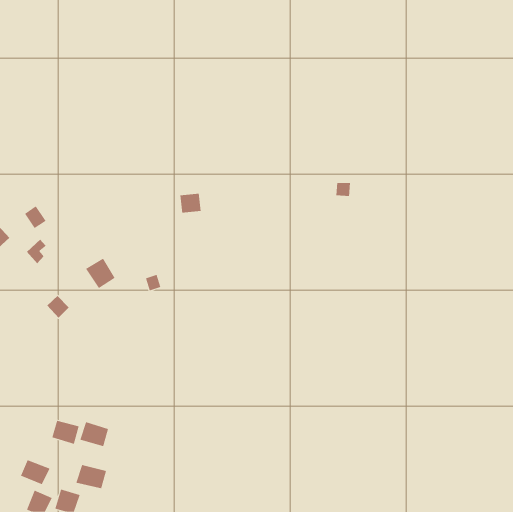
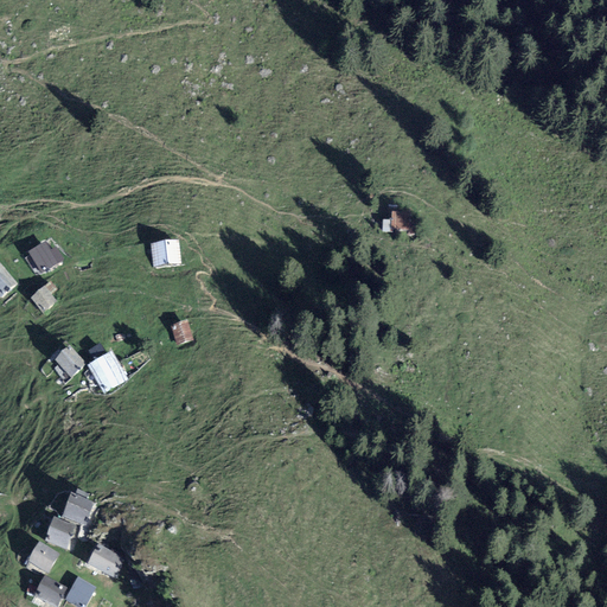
building: [179,193,202,213] -> [151,241,177,264]
building: [85,258,115,289] -> [88,352,123,389]
building: [79,422,109,447] -> [44,517,78,547]

